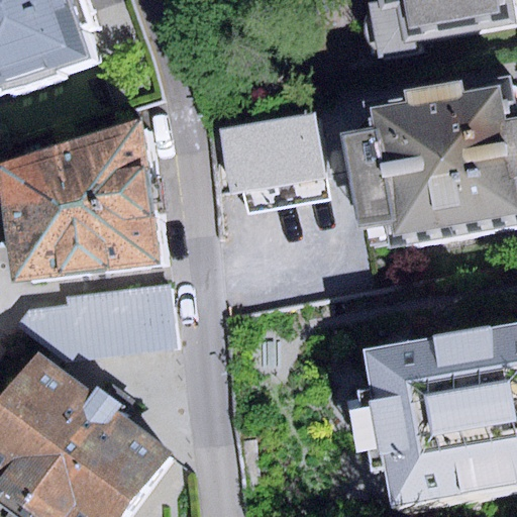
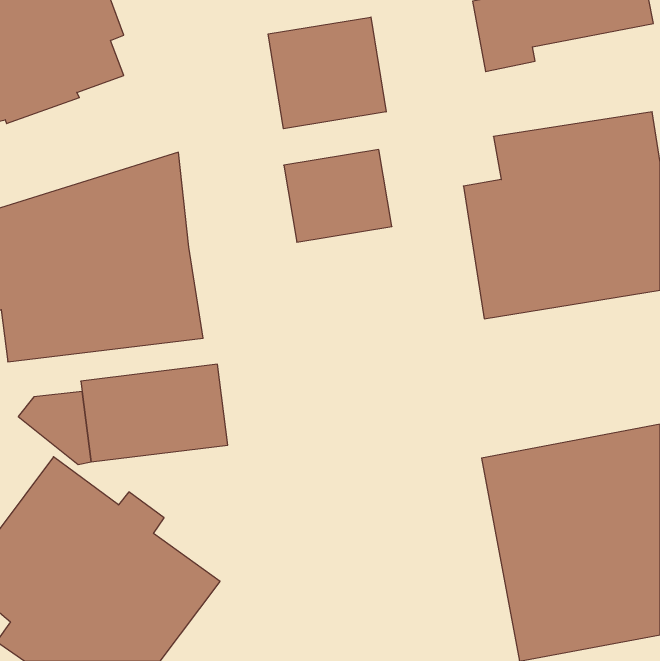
building: none -> [268,17,386,129]

